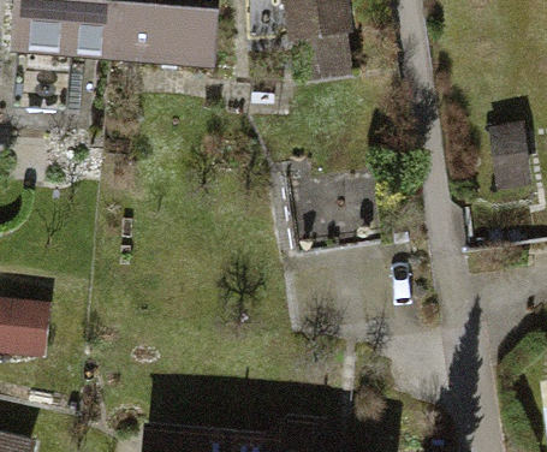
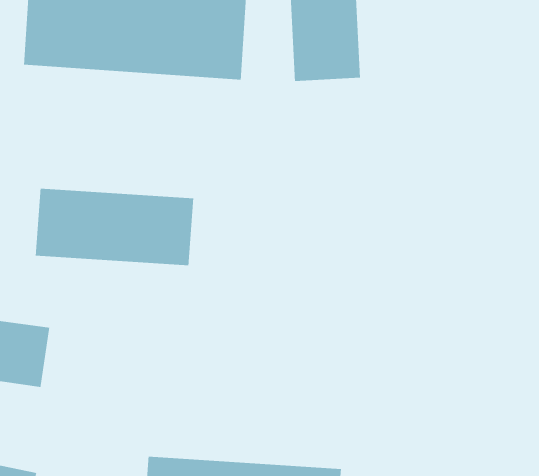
building: none -> [35,188,194,266]

